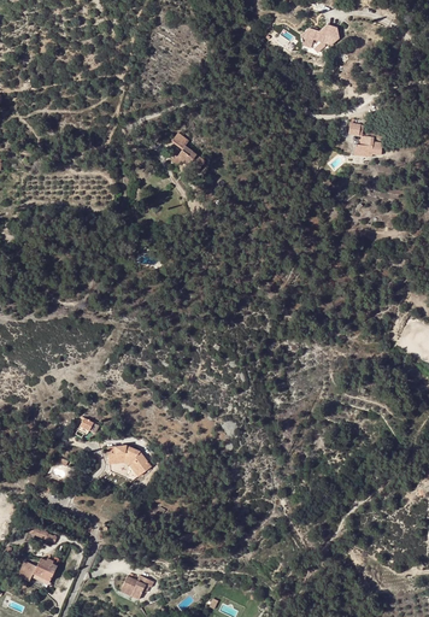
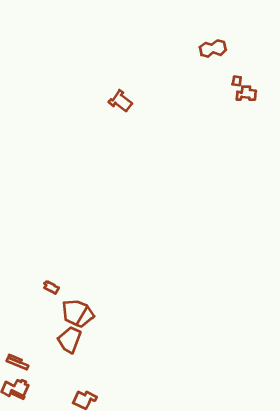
building: [301,24,339,47] -> [200,41,226,57]
building: none -> [58,328,80,353]

